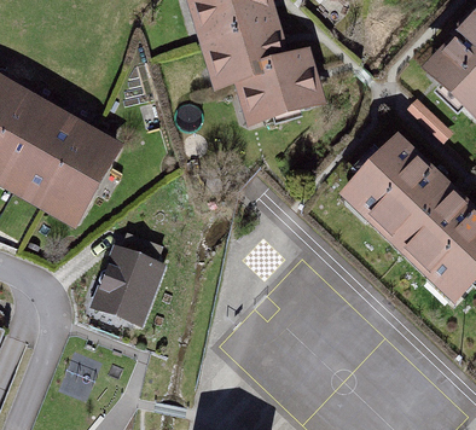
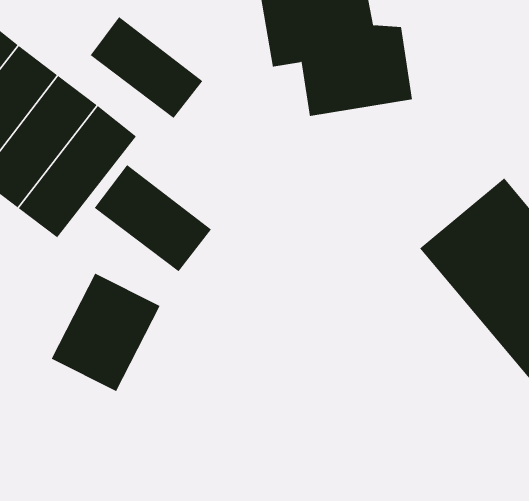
building: none -> [90,16,203,119]
building: none -> [94,164,212,272]

